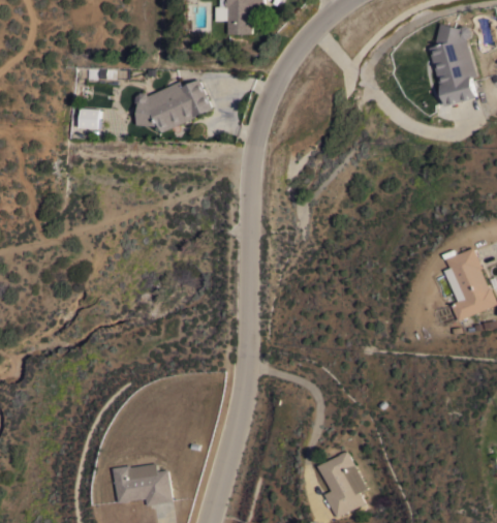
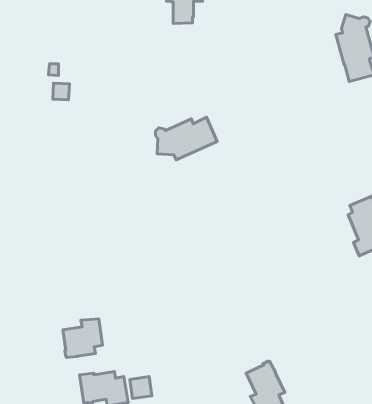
building: [135,80,212,132] -> [155,117,217,160]
building: none -> [63,319,103,357]
building: none -> [130,377,152,399]

